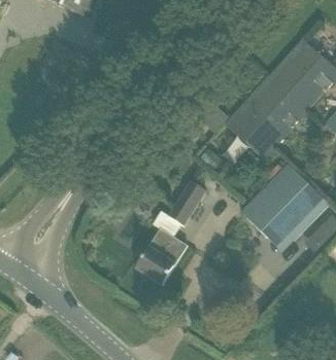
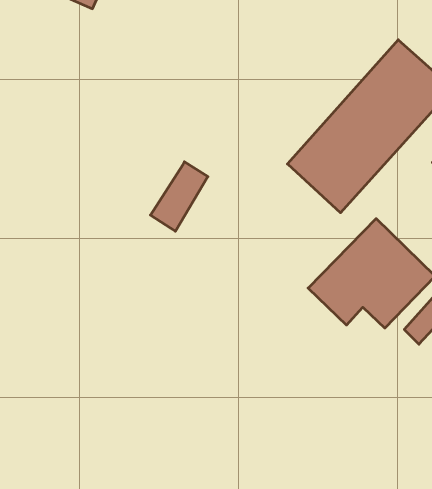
building: [167,178,207,226] -> [150,162,208,231]
building: [134,228,186,284] -> none

